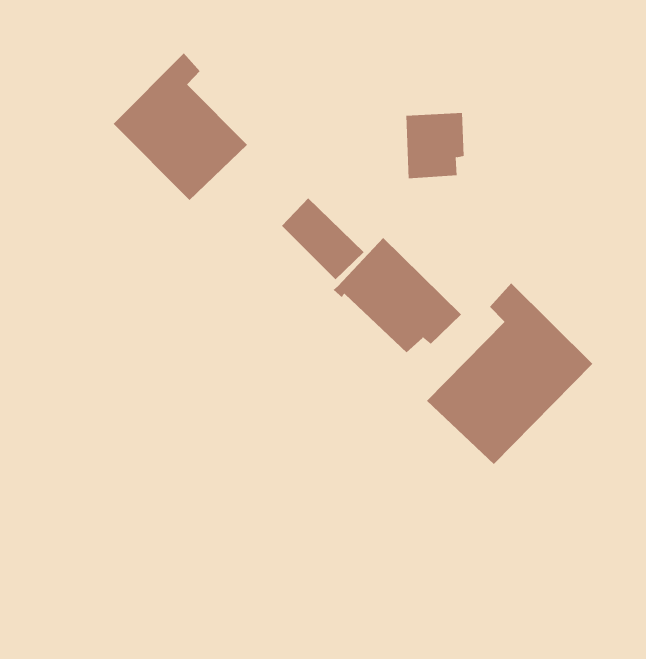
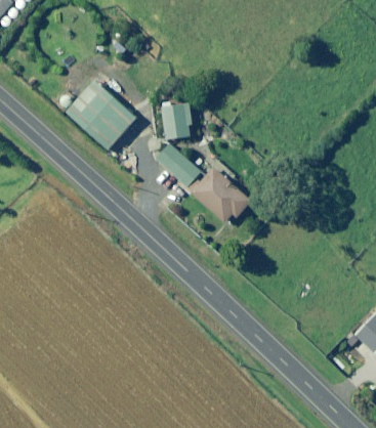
building: [405,113,464,179] -> [162,103,194,139]
building: [426,283,593,465] -> none

